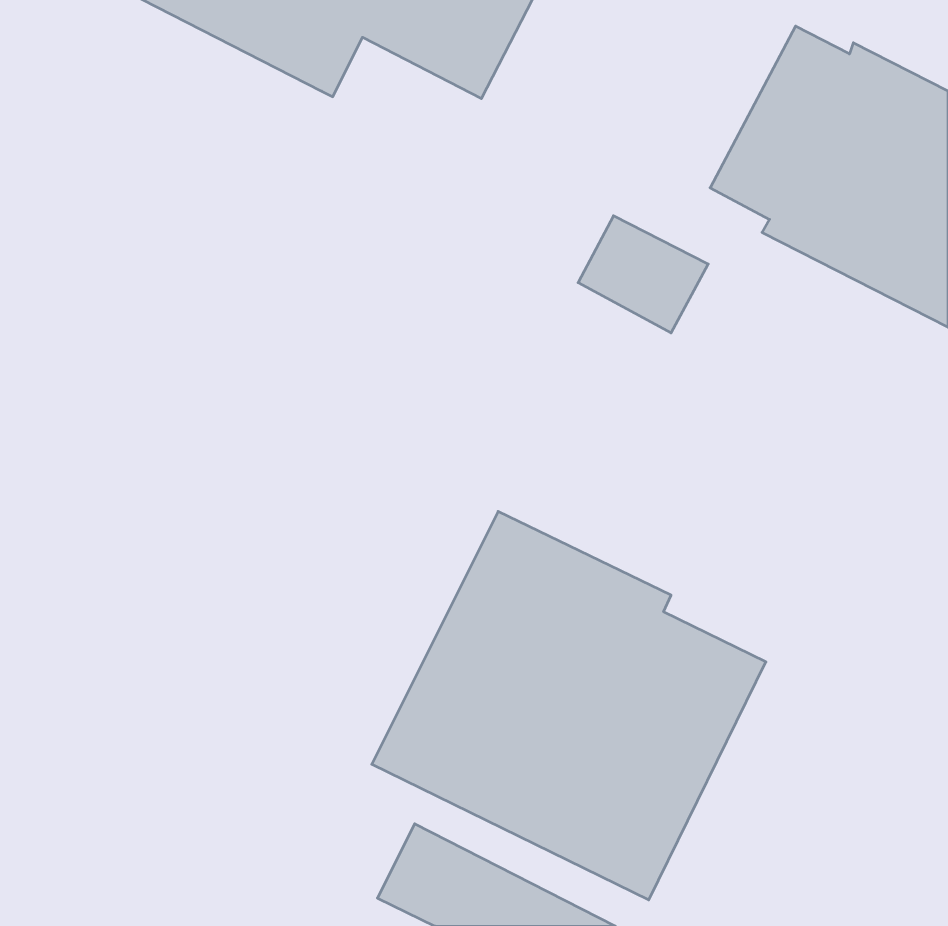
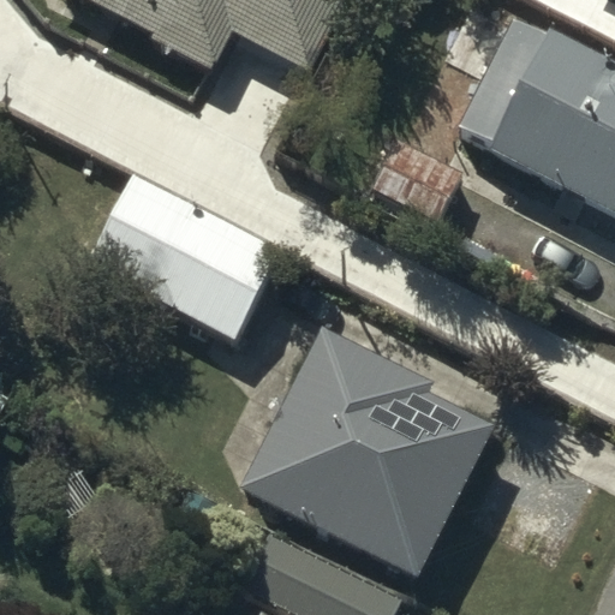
building: none -> [89,173,277,334]

